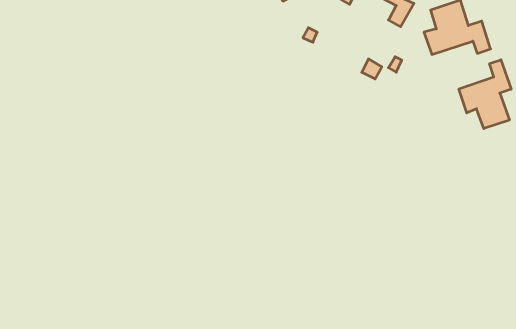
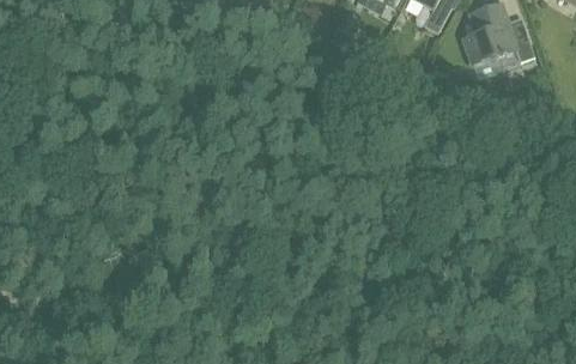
building: [459,60,511,129] -> none

